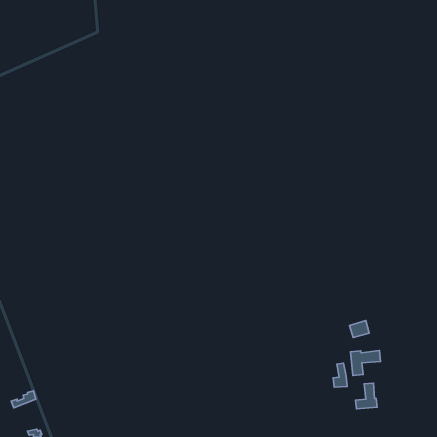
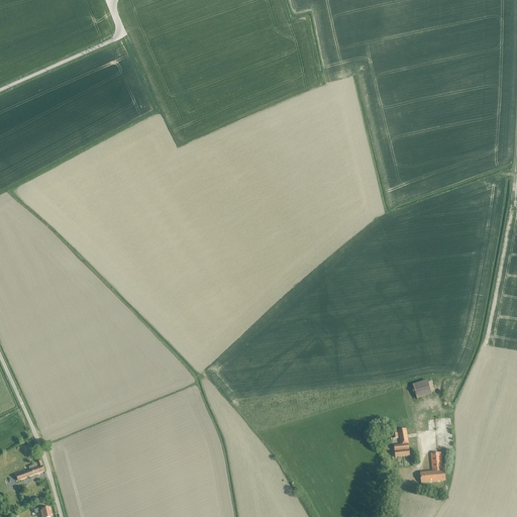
building: [350,350,380,375] -> none

